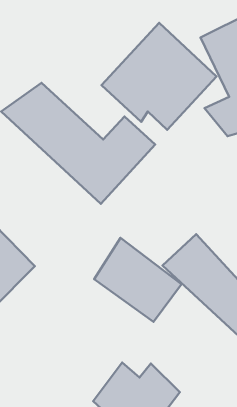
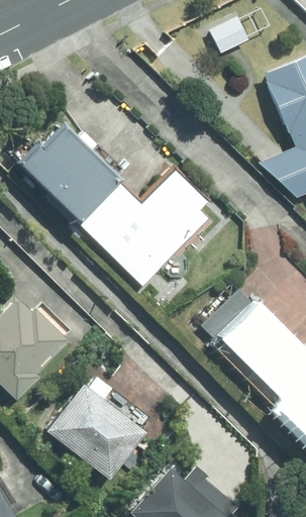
building: [102,23,216,130] -> none
building: [94,238,181,322] -> [34,380,141,483]

